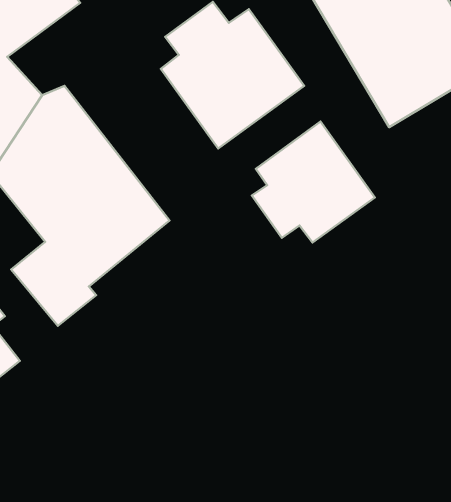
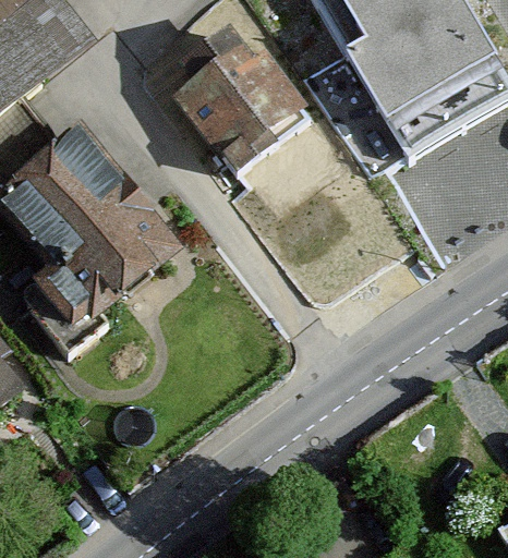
building: [252,122,375,243] -> none

